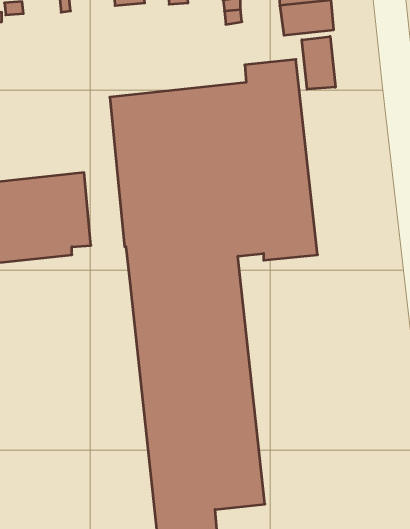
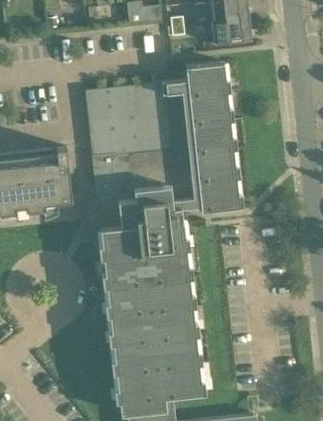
building: [302,36,335,89] -> none

